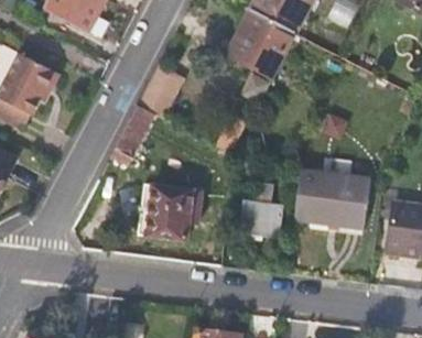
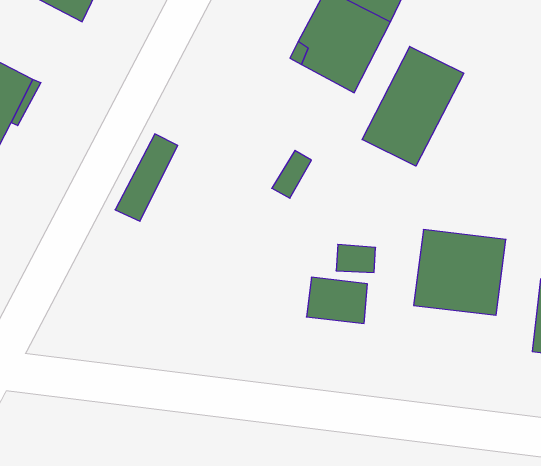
building: none -> [362,46,464,166]
building: [136,186,190,241] -> none

